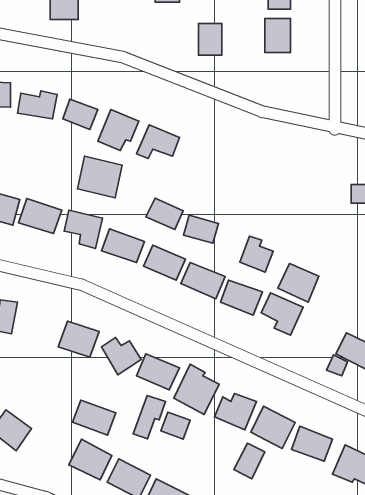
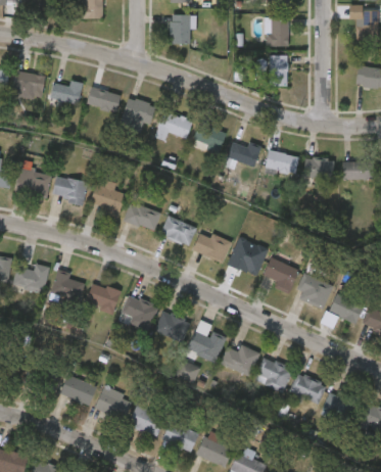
building: [199,24,222,55] -> [171,15,191,43]
building: none -> [269,55,288,87]
building: [78,156,122,198] -> none
building: none -> [266,149,297,172]
building: none -> [304,158,334,179]
building: [146,198,183,230] -> [193,123,226,150]
building: [183,215,219,243] -> [228,141,258,166]
building: [240,236,273,272] -> none
building: [278,263,319,302] -> [296,276,332,310]
building: none -> [51,270,86,302]
building: [133,395,165,439] -> none
building: [73,400,116,435] -> [59,375,97,406]
building: [234,443,265,479] -> none

